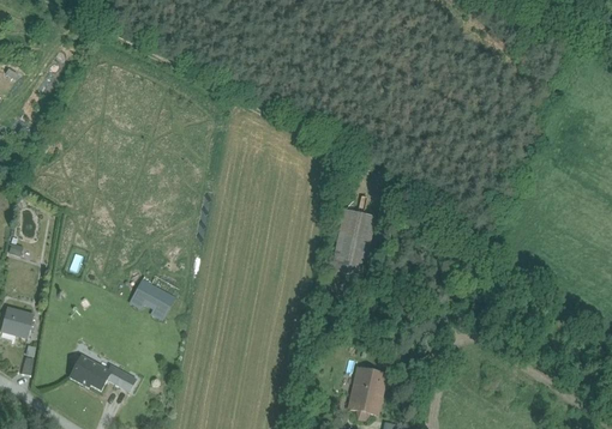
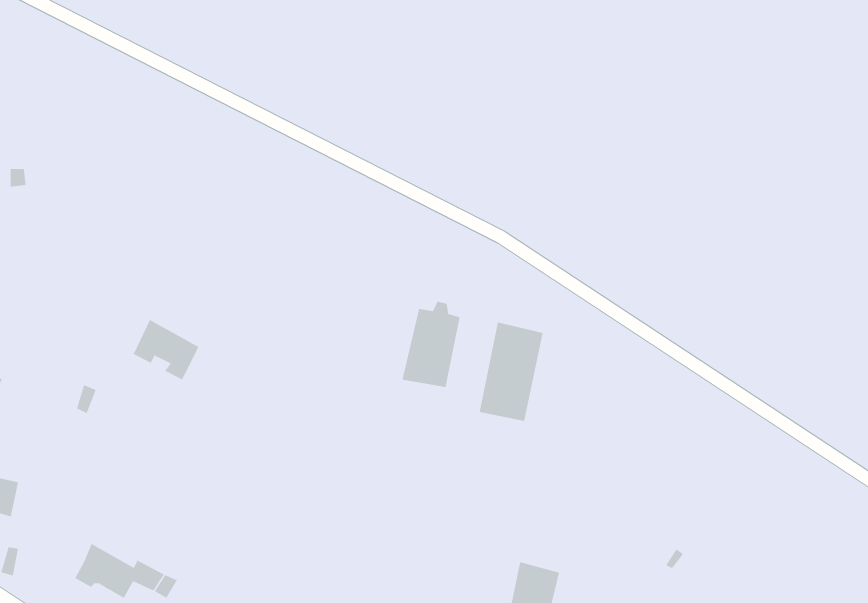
building: none -> [402,301,460,388]
building: [131,279,174,319] -> [133,319,199,380]

